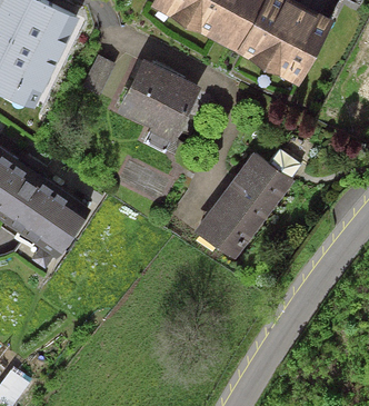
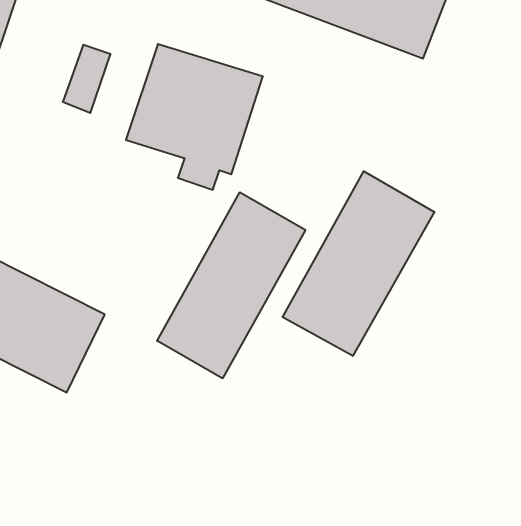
building: none -> [157,192,305,378]

